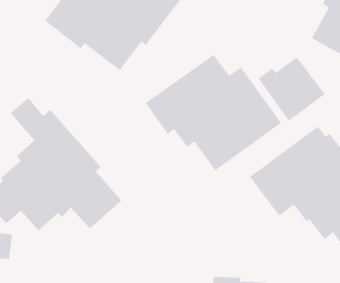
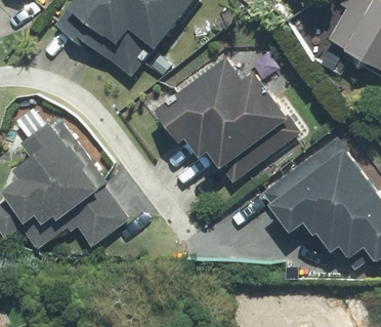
building: [258,57,326,121] -> none

